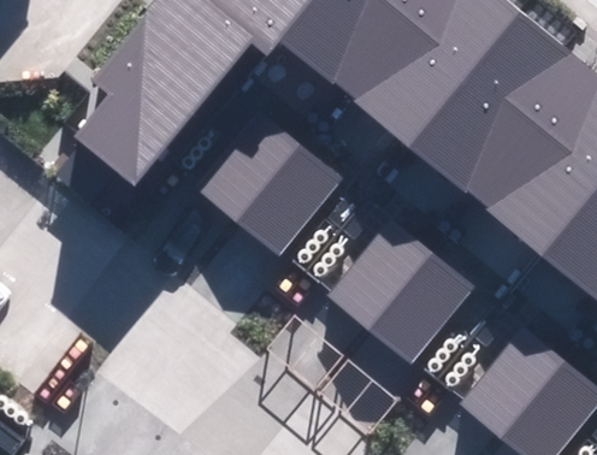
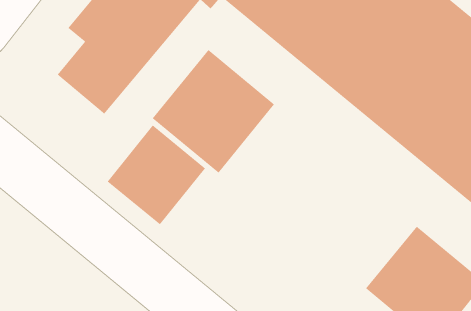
building: none -> [107,125,206,225]
building: [323,213,477,365] -> none

